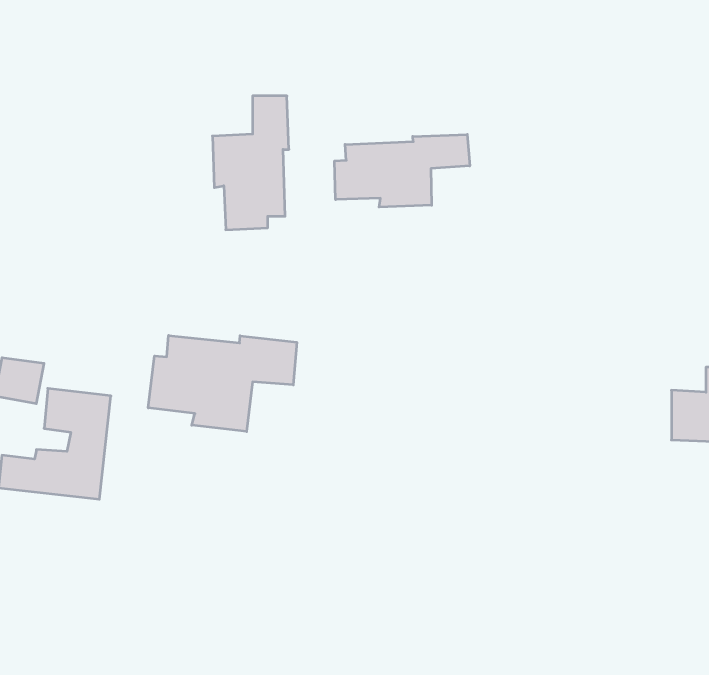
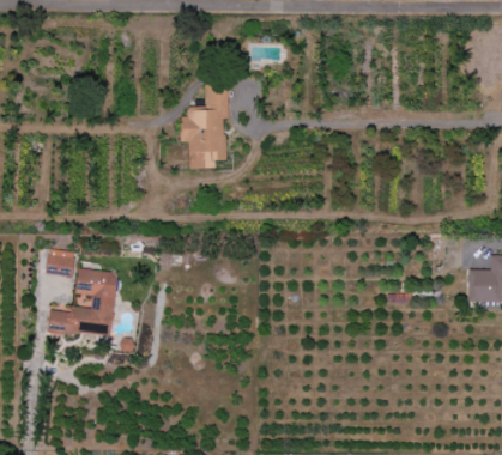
building: [335,134,470,207] -> none
building: [148,335,297,432] -> none

